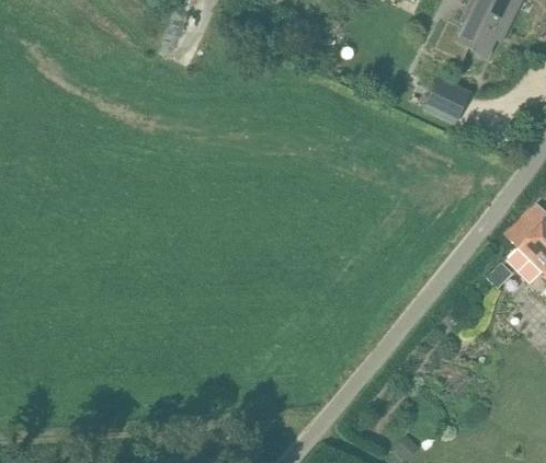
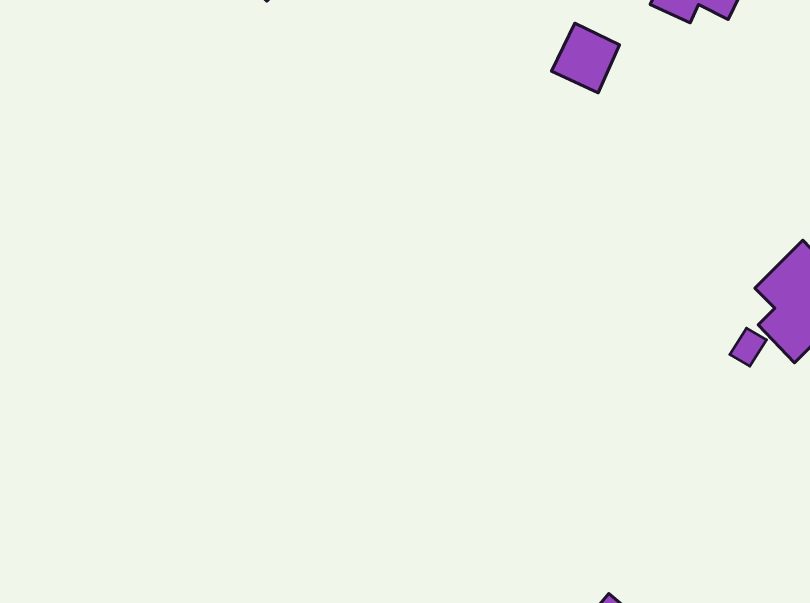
building: [425,79,470,125] -> [552,23,620,93]

